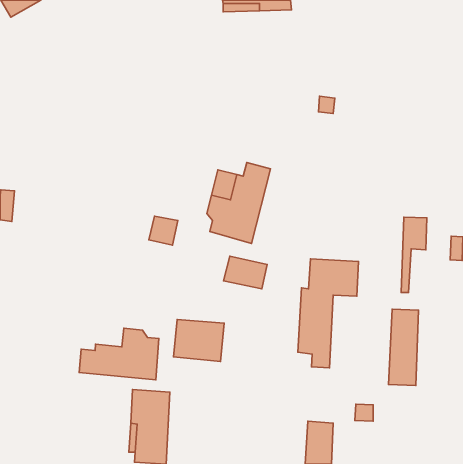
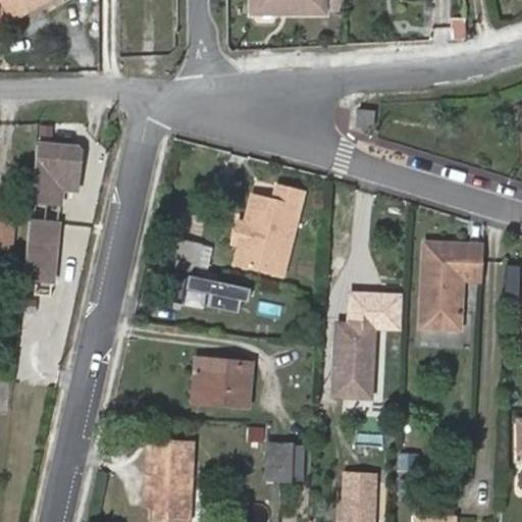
building: none -> [24,148,81,281]
building: [224,256,267,289] -> [199,274,248,311]
building: [389,309,418,386] -> [421,243,455,328]
building: [79,328,159,380] -> none
building: none -> [269,446,305,479]

